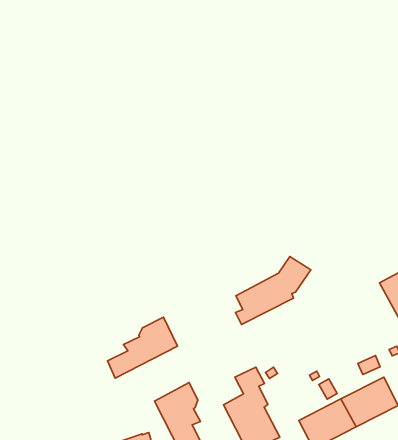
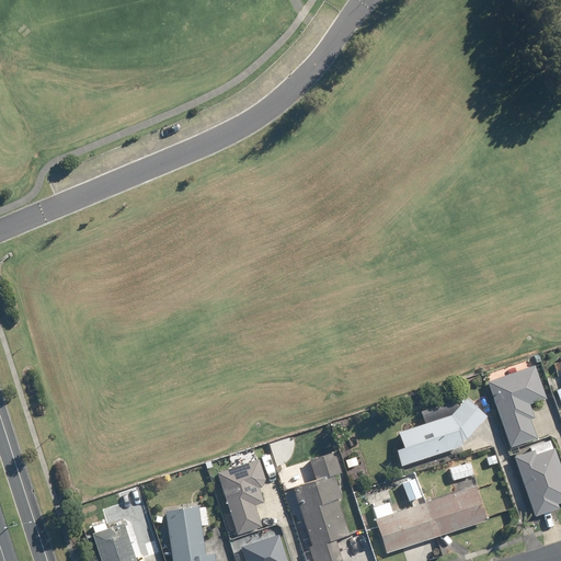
building: [236,256,311,324] -> [396,398,486,465]
building: [107,317,177,378] -> none

